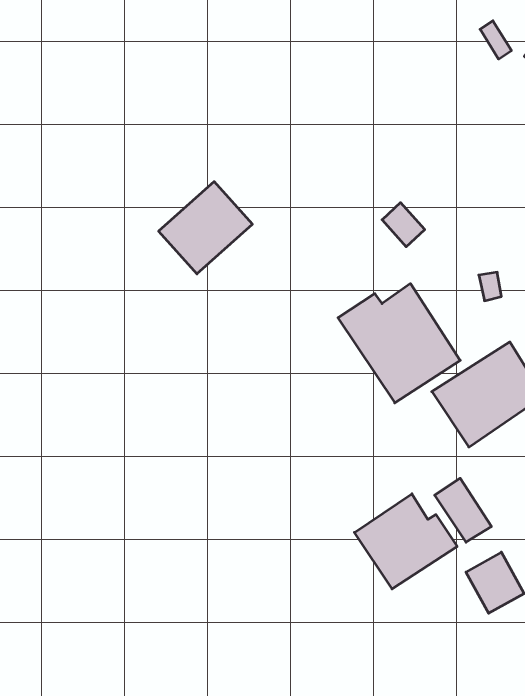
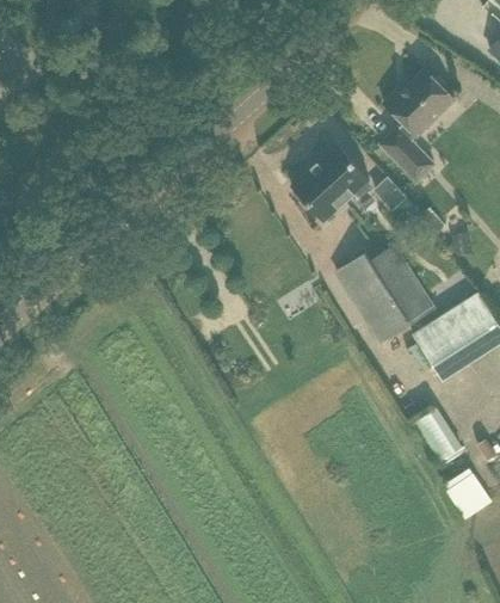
building: none -> [379,68,453,181]
building: [159,182,252,274] -> [290,143,369,221]
building: [354,494,457,589] -> none

